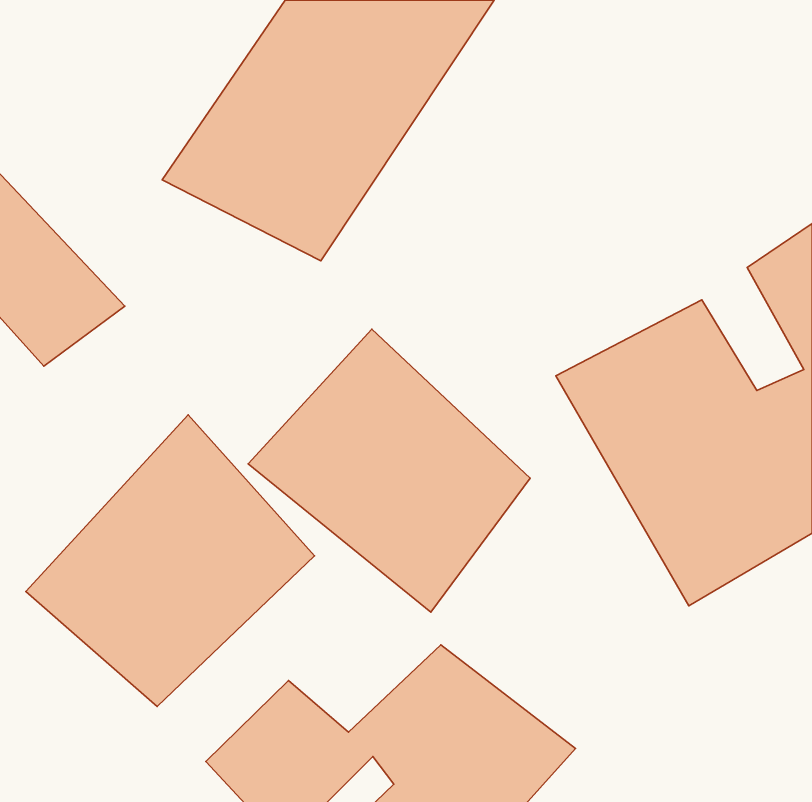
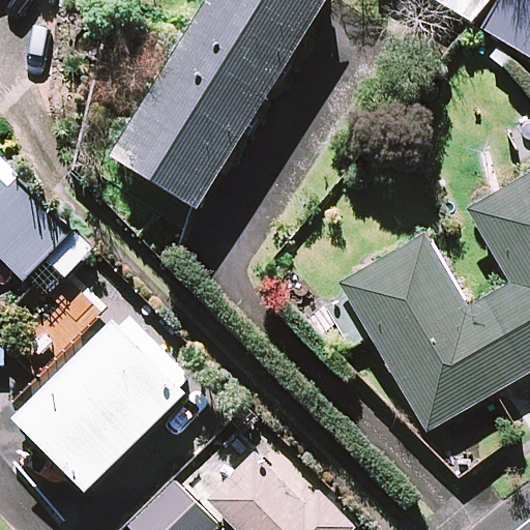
building: [248,329,530,612] -> none

